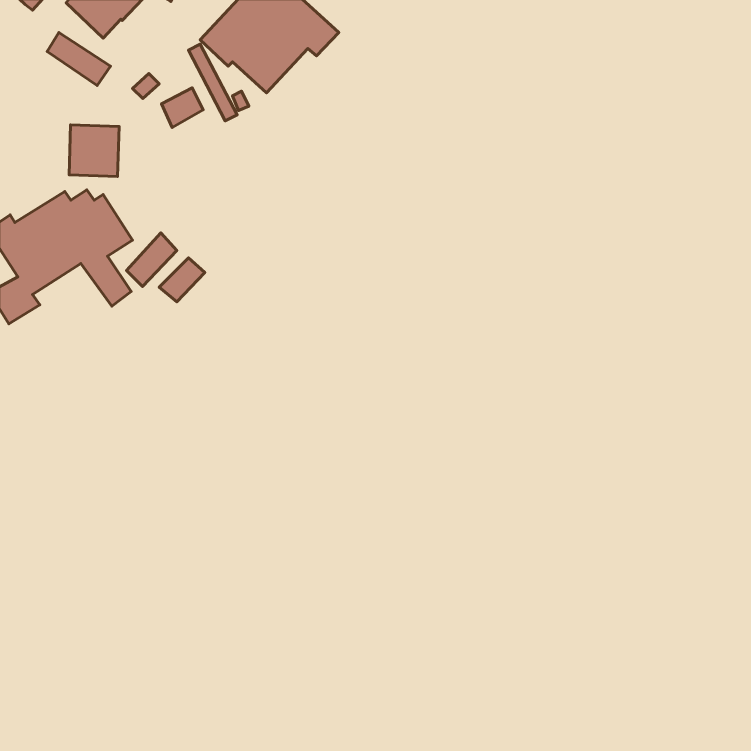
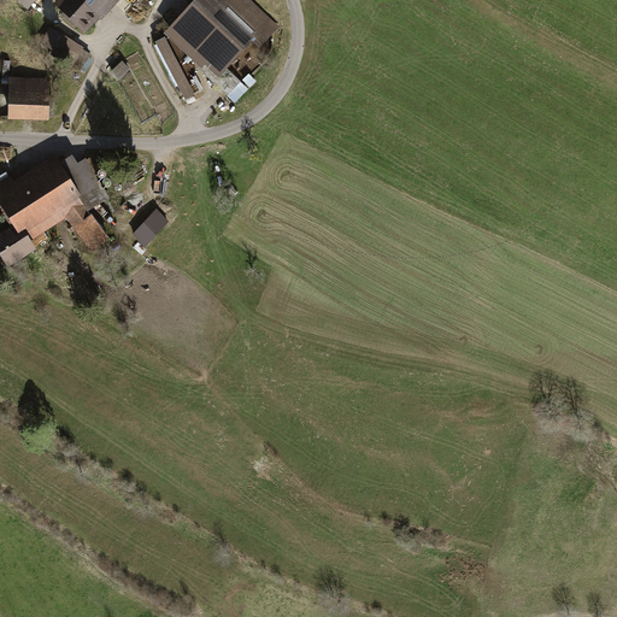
building: [161,88,203,127] -> none
building: [69,125,119,176] -> [7,77,48,119]
building: [127,233,177,287] -> none

